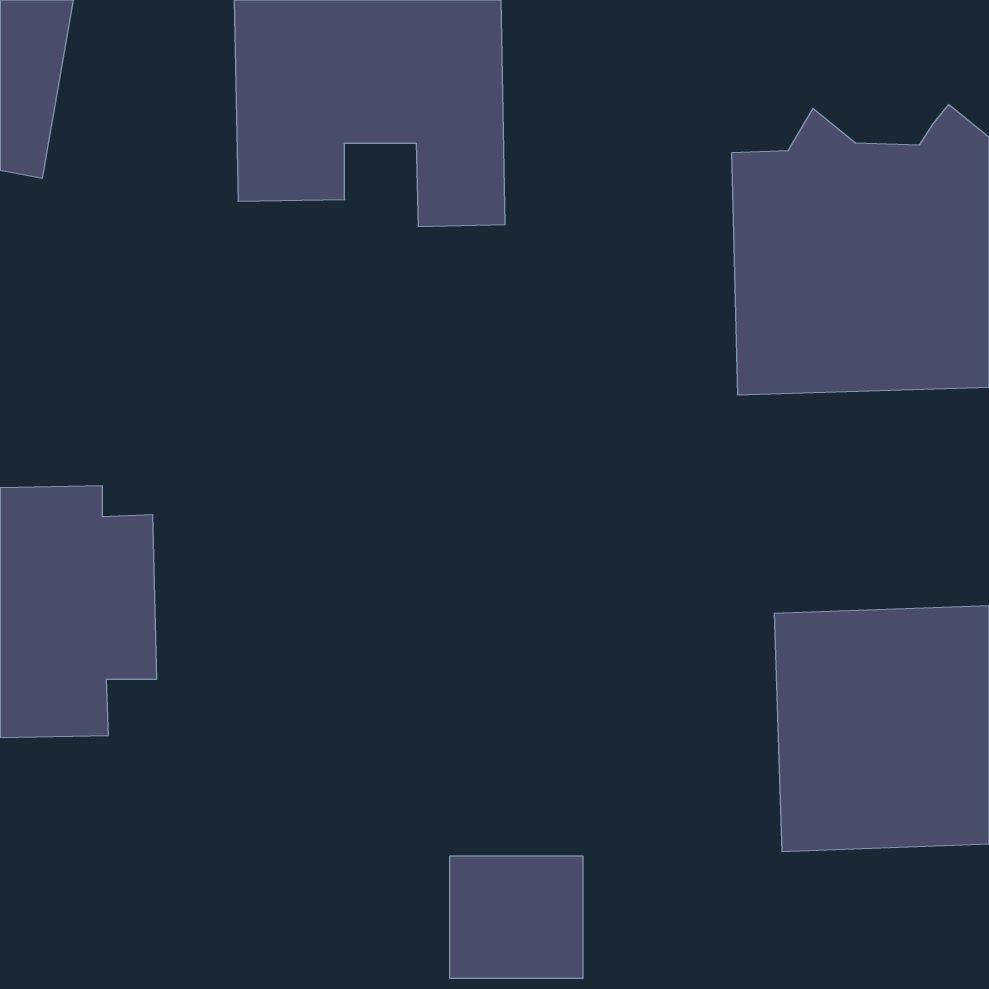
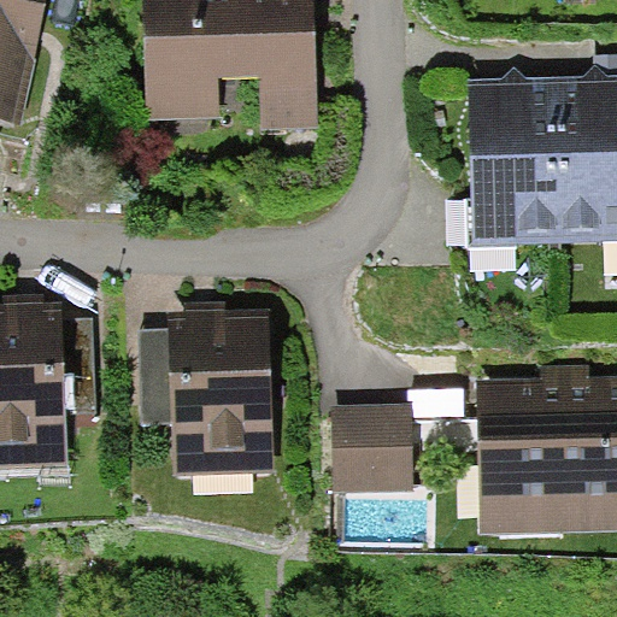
building: none -> [145,302,271,466]
building: [450,856,583,978] -> [330,401,413,477]

